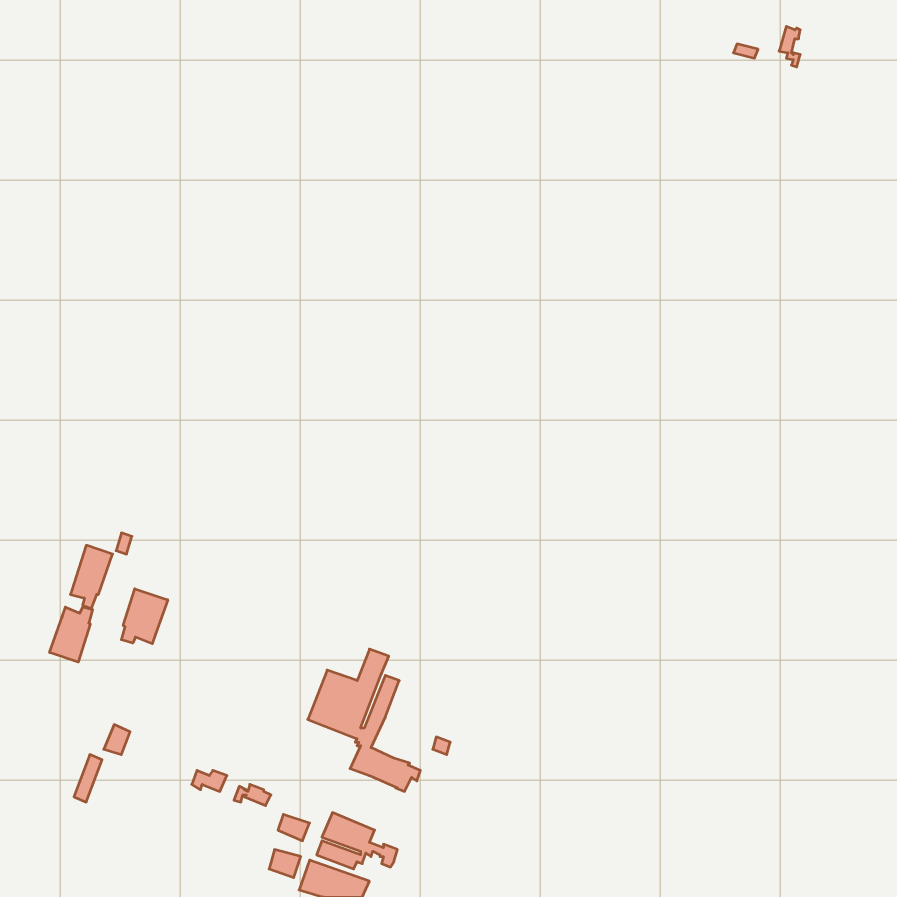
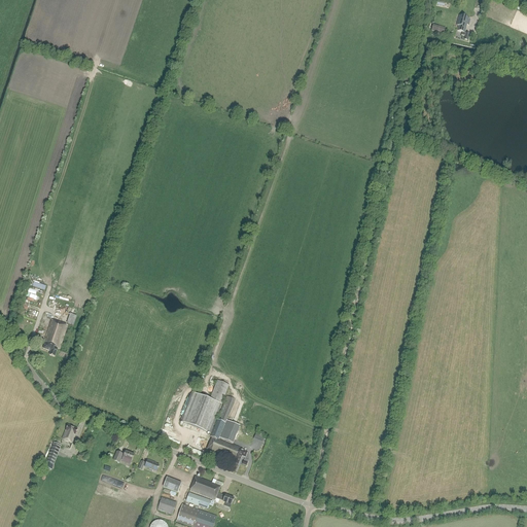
building: [121,589,168,644] -> none
building: [50,607,93,662] -> none

